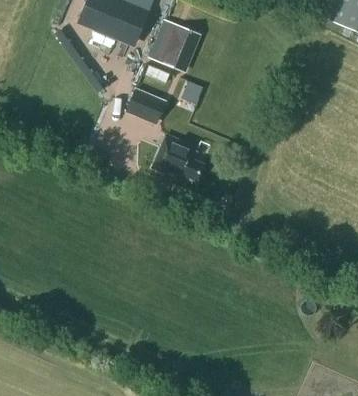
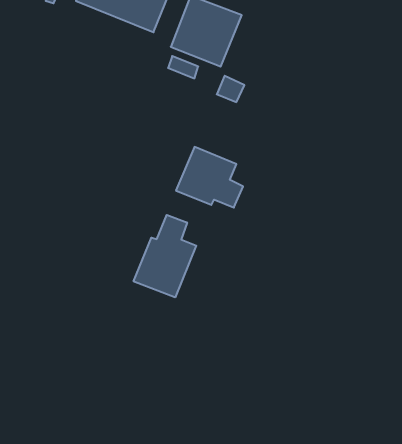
building: [127,88,165,121] -> none
building: none -> [134,215,196,297]

